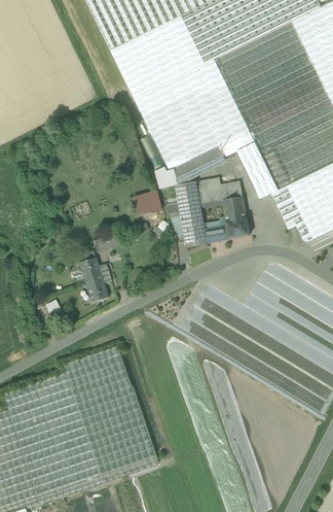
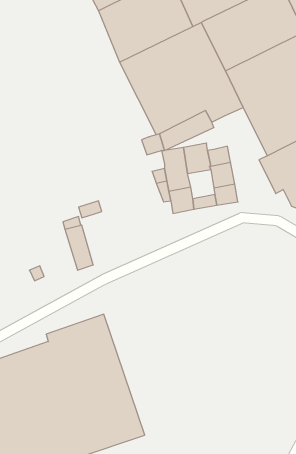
building: [236,143,279,200] -> none
building: [131,190,161,215] -> none

